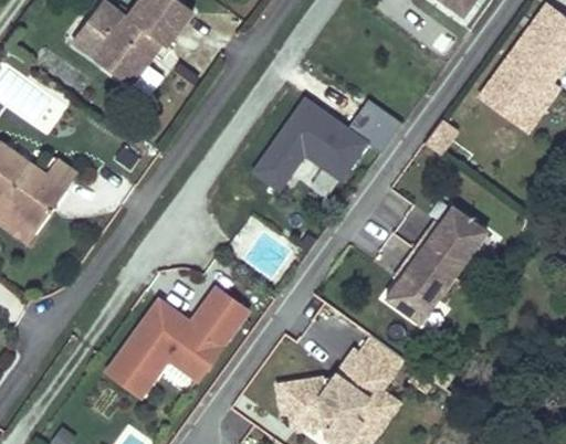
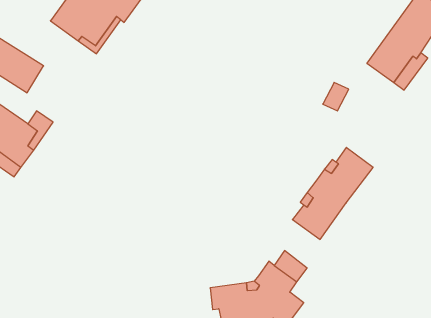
building: [252,98,401,191] -> none
building: [104,289,247,402] -> none

